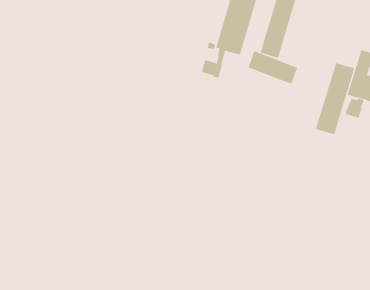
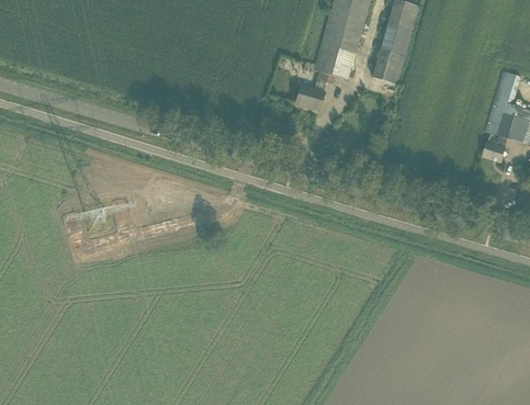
building: [248,50,298,85] -> none
building: [315,62,355,135] -> none

